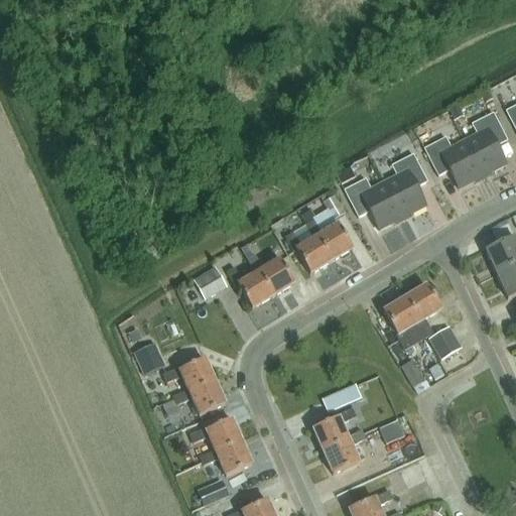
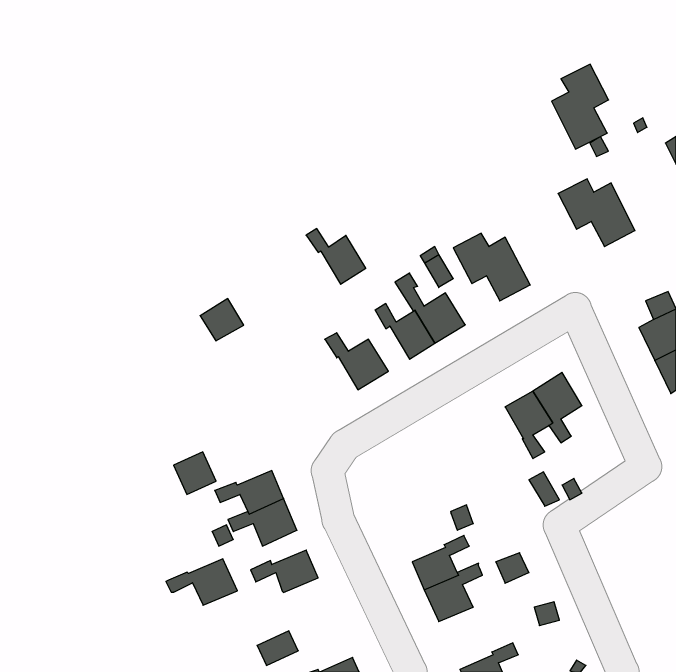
building: [465,111,508,175] -> [552,64,609,149]
building: [384,152,428,217] -> none
building: [192,266,226,298] -> [200,299,244,341]
building: [227,266,272,308] -> [306,229,366,284]
building: [428,325,461,358] -> none
building: [199,439,253,475] -> [166,559,237,605]

